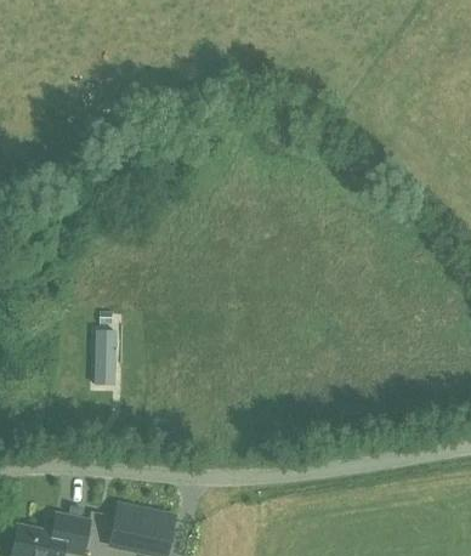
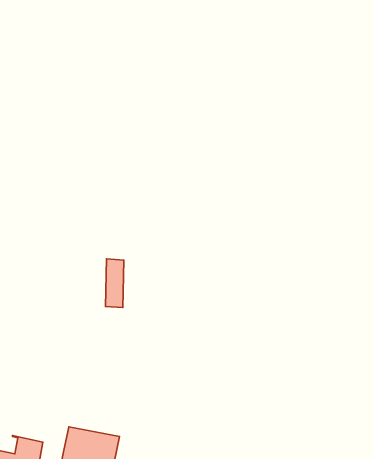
building: [95,330,115,385] -> [105,259,124,308]

